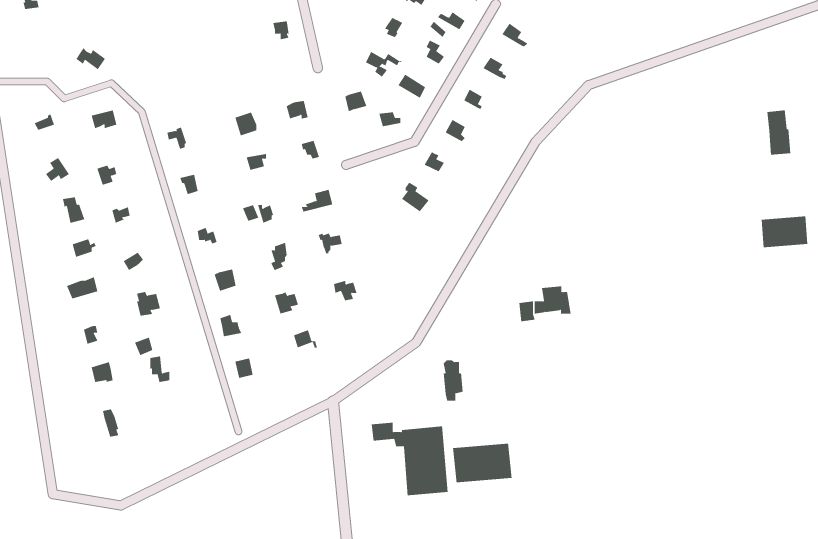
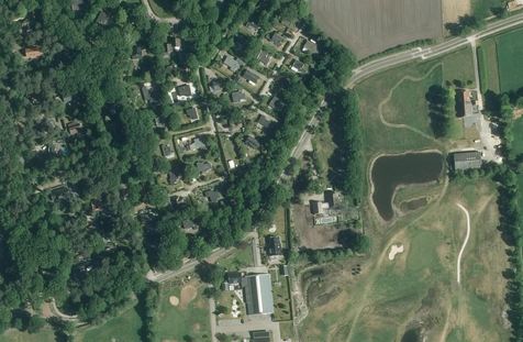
building: [452,443,512,483] -> none

